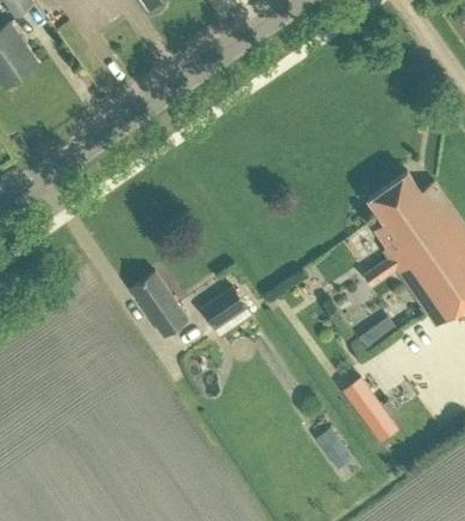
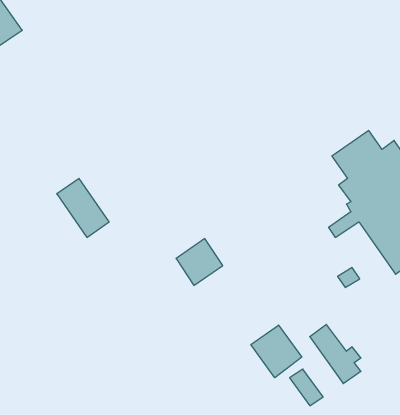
building: [131,272,187,335] -> [57,178,109,237]
building: none -> [251,325,302,378]

